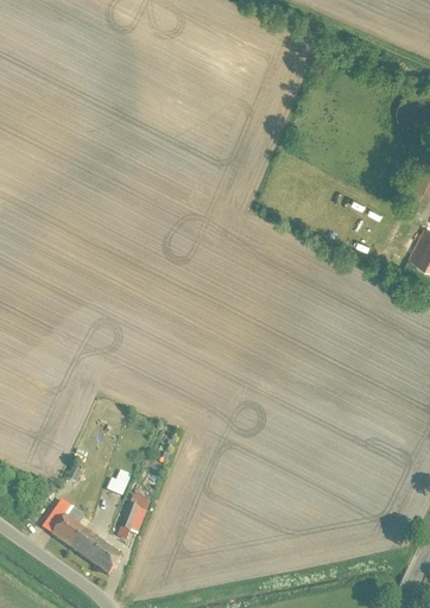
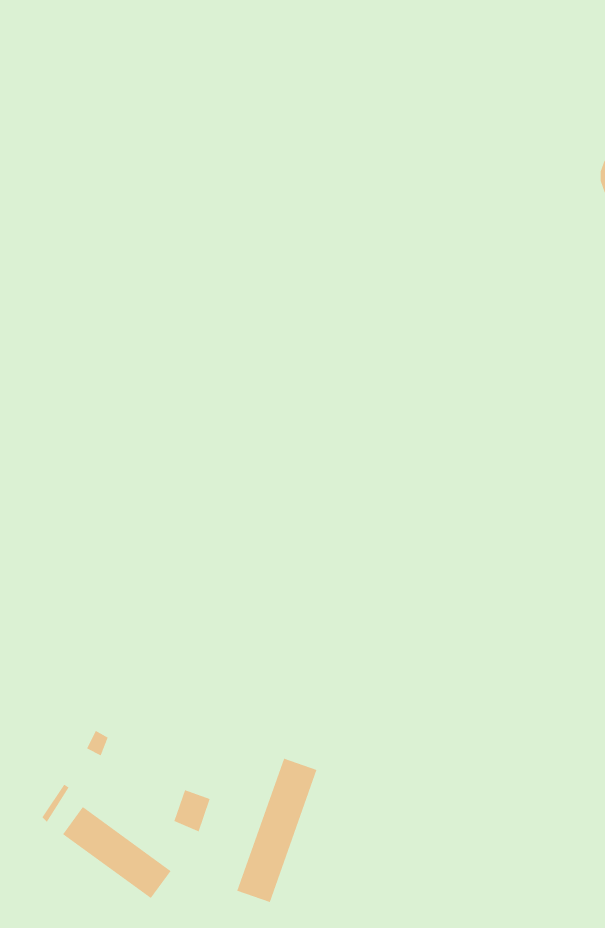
building: none -> [237,758,317,903]

